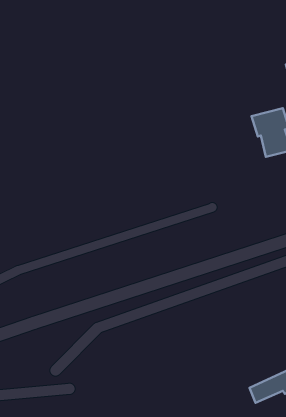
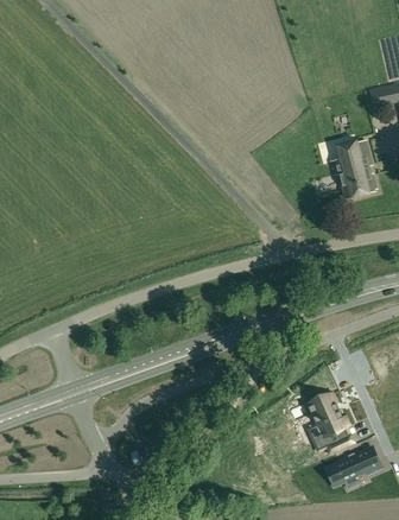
building: none -> [308,392,354,451]

